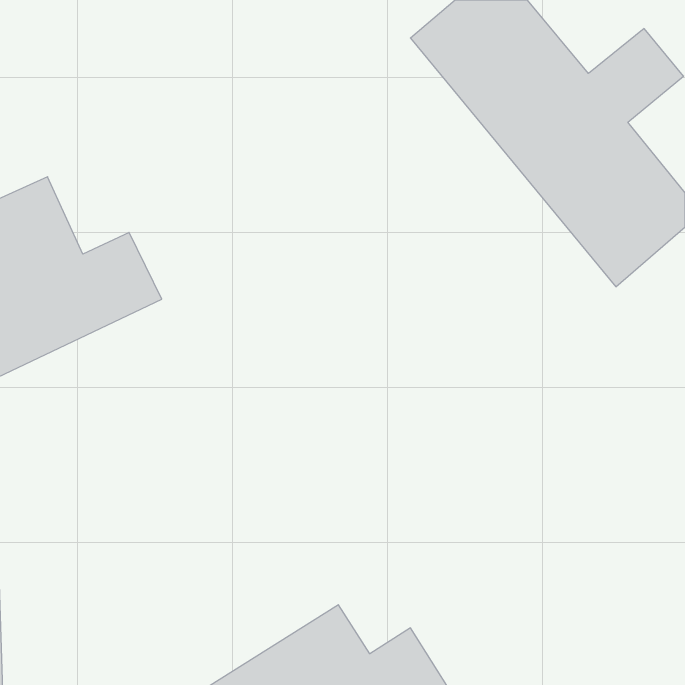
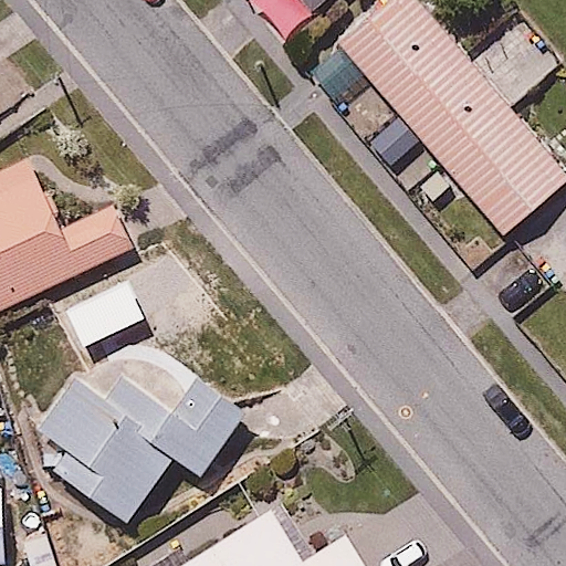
building: none -> [28,359,254,521]

